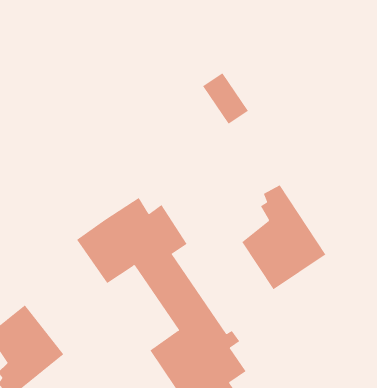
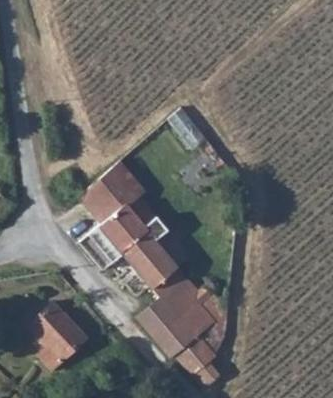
building: none -> [80,161,161,231]
building: [242,184,326,290] -> none

